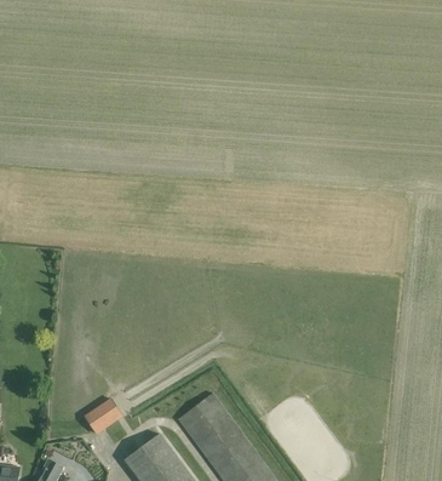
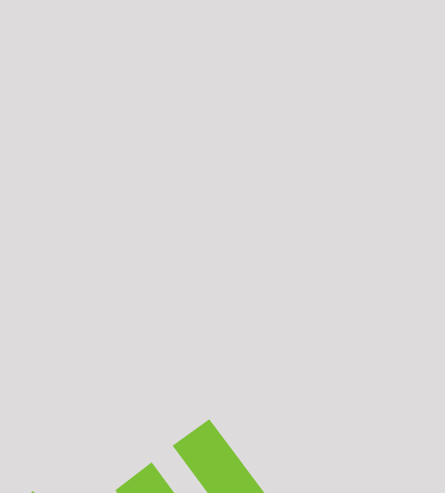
building: [84,400,119,430] -> none

